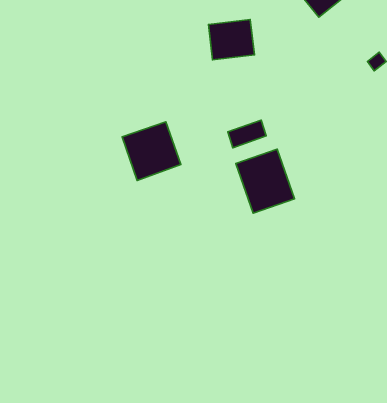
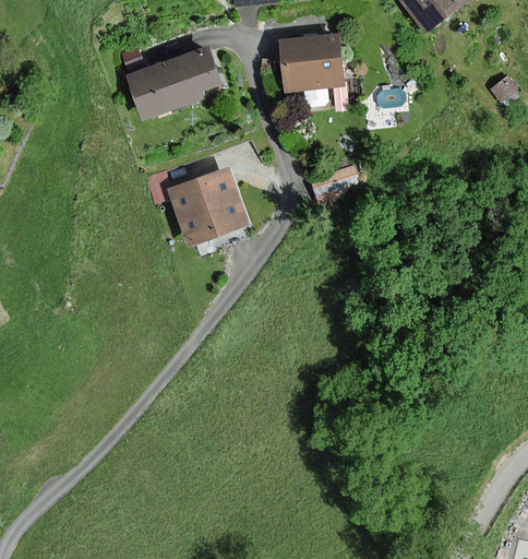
building: none -> [129,47,220,118]
building: [236,149,295,213] -> none

